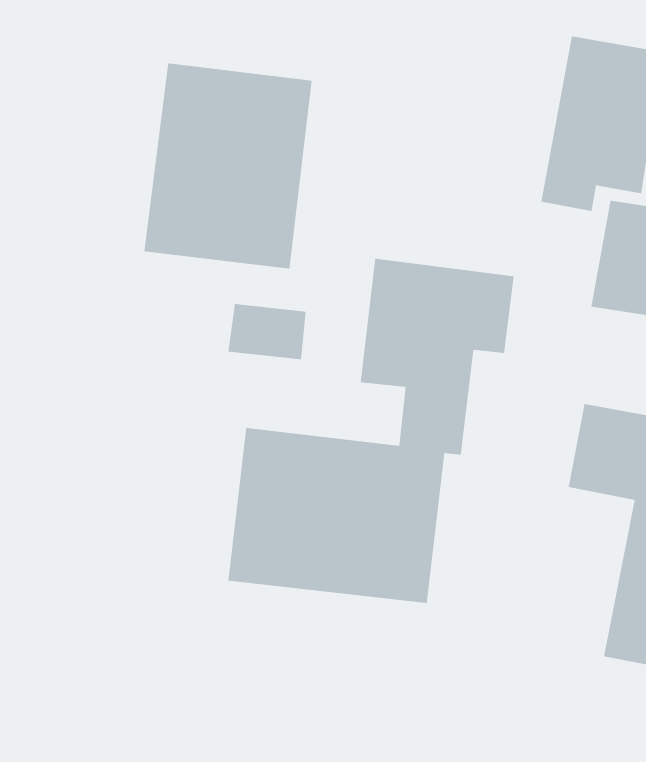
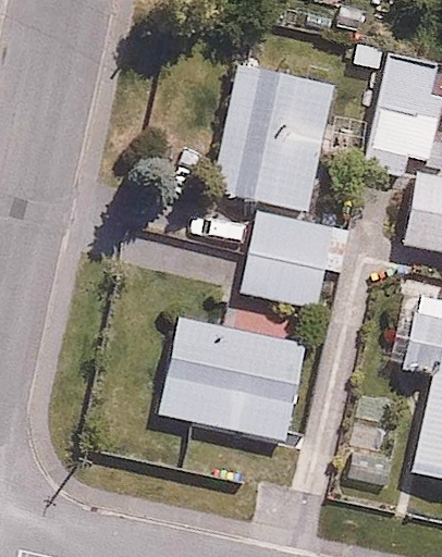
building: [143,63,313,269] -> [214,66,329,206]

